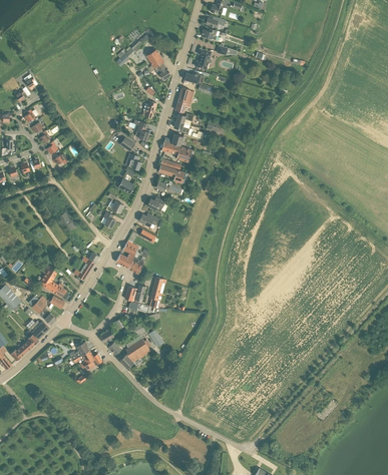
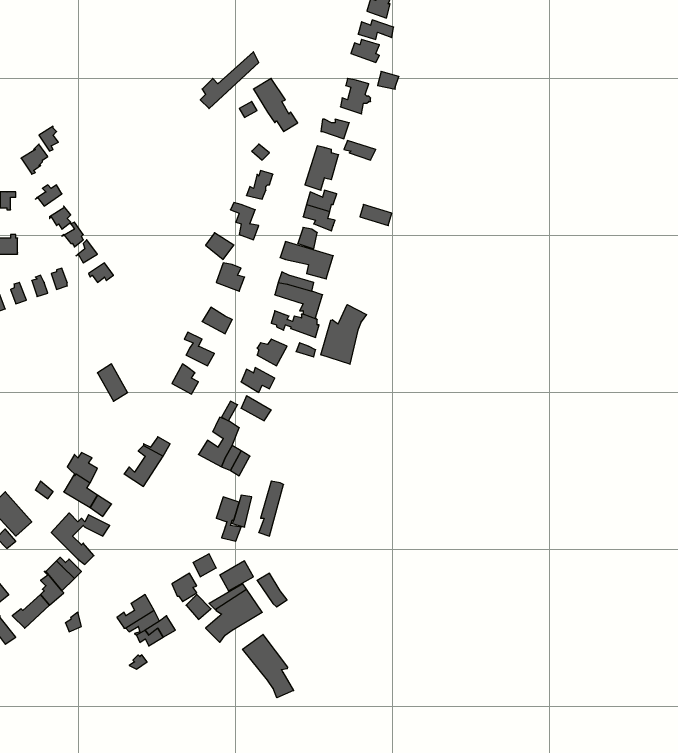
building: none -> [321,305,367,364]
building: none -> [243,634,294,698]

